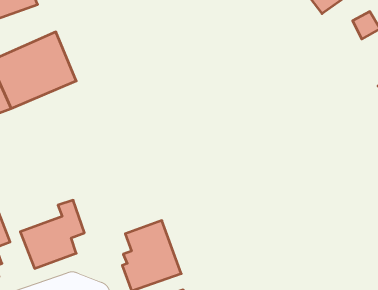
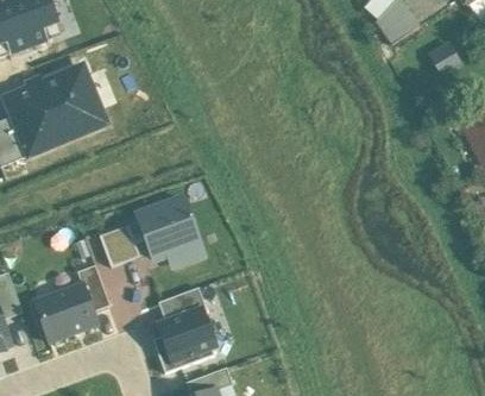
building: none -> [105,193,214,268]

